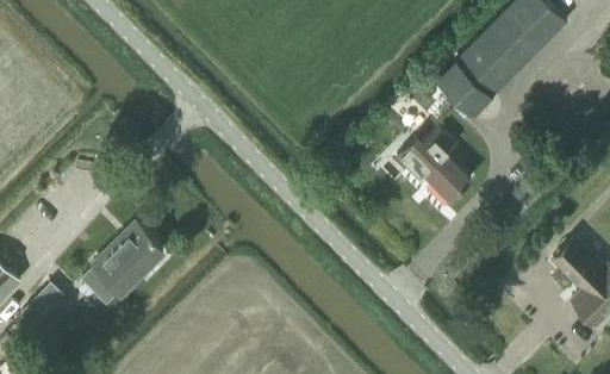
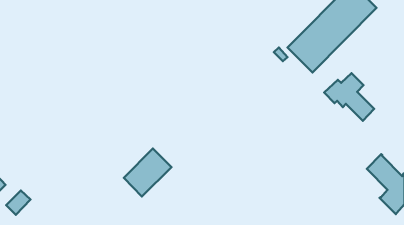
building: [396,130,469,200] -> [324,73,374,121]
building: [92,225,162,295] -> [124,149,172,196]

